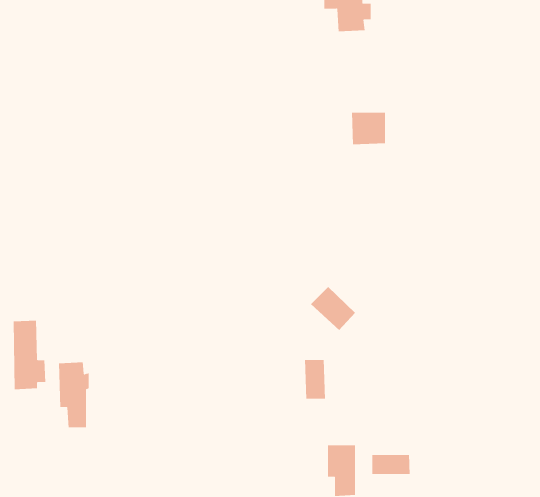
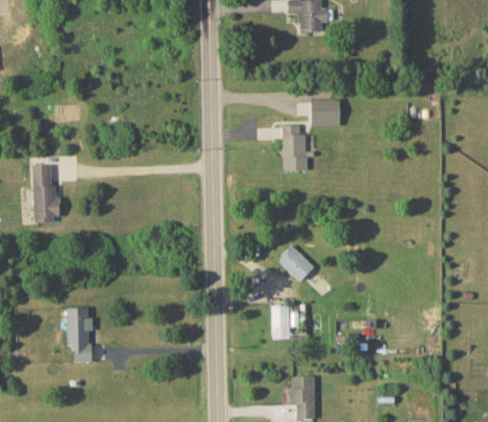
building: none -> [282,124,306,170]
building: [13,320,46,390] -> [32,164,60,222]
building: [372,454,410,475] -> none

